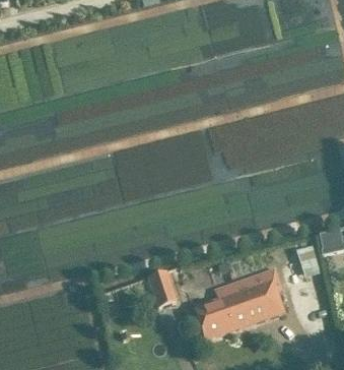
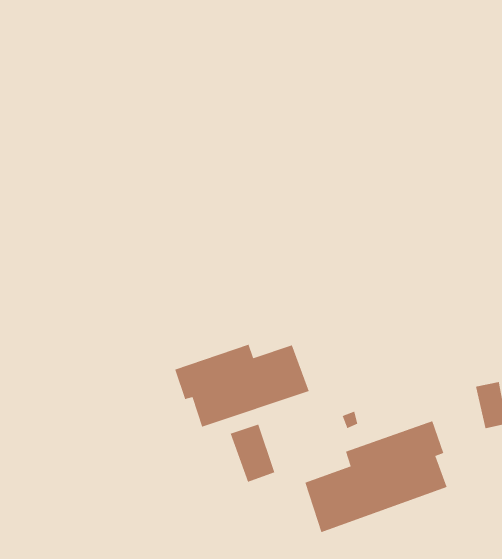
building: none -> [174,344,309,428]

